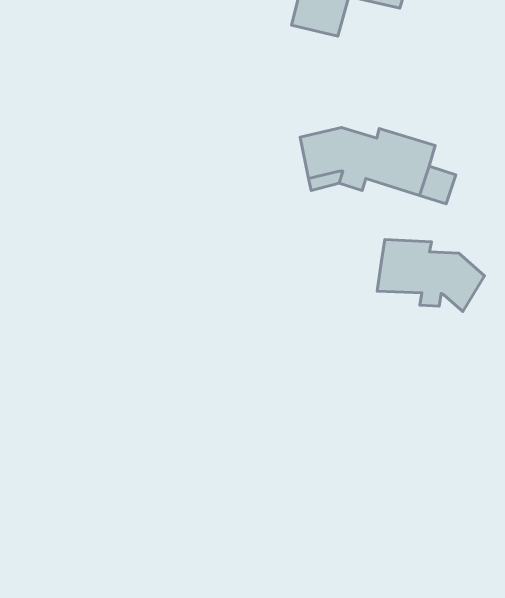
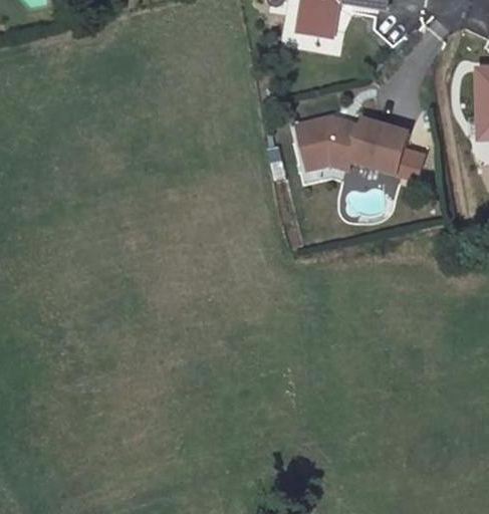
building: [377,239,485,312] -> none

